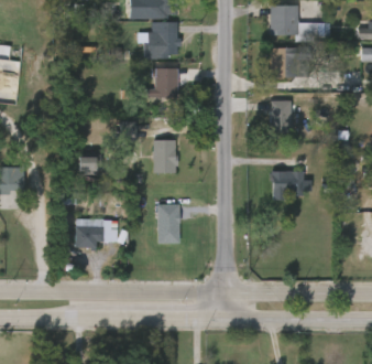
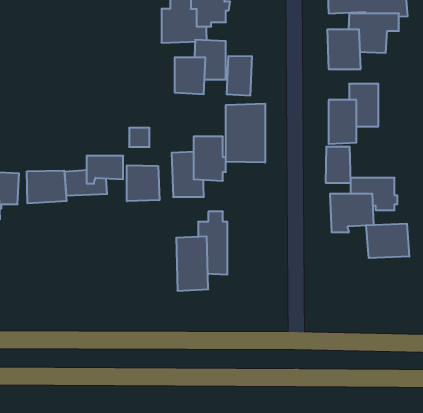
building: none -> [227,56,252,96]
building: none -> [226,104,265,163]
building: none -> [326,147,351,183]
building: none -> [127,165,159,201]
building: none -> [27,171,66,203]
building: none -> [366,224,409,258]
building: [87,216,116,243] -> none

